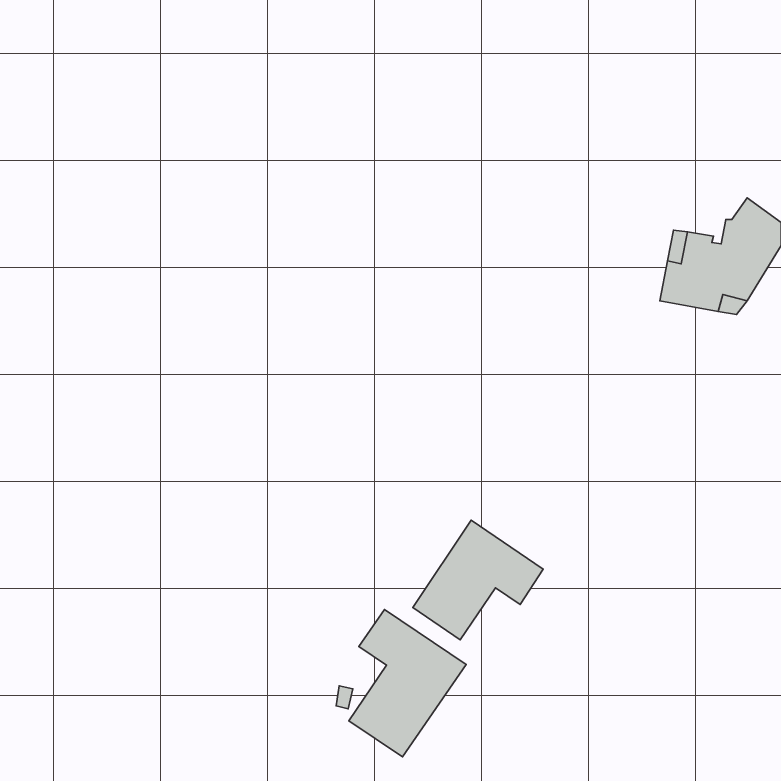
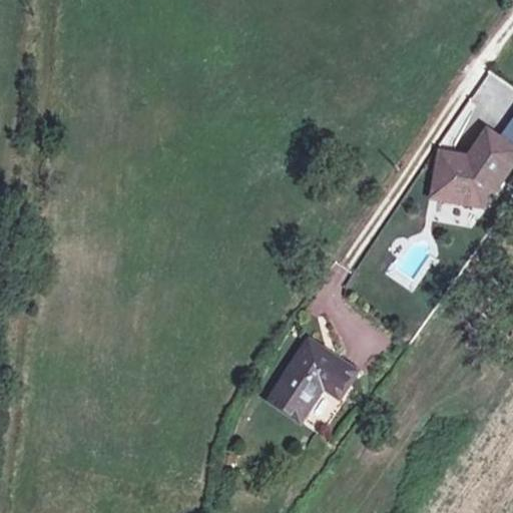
building: [349,610,466,757] -> none

